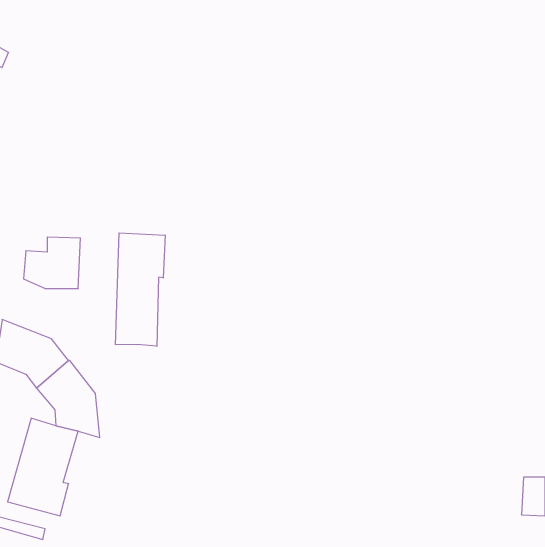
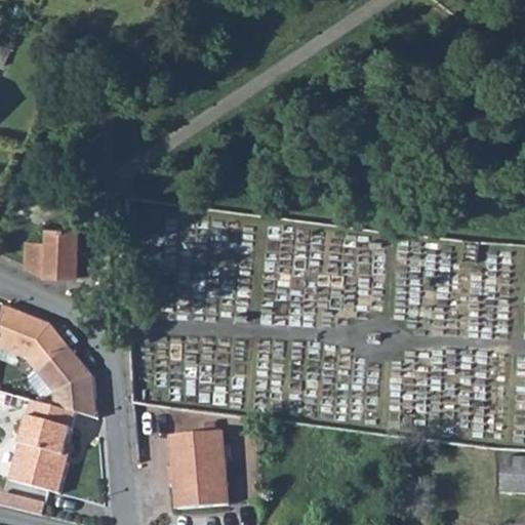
building: [115,233,165,346] -> none
building: none -> [169,422,227,509]

